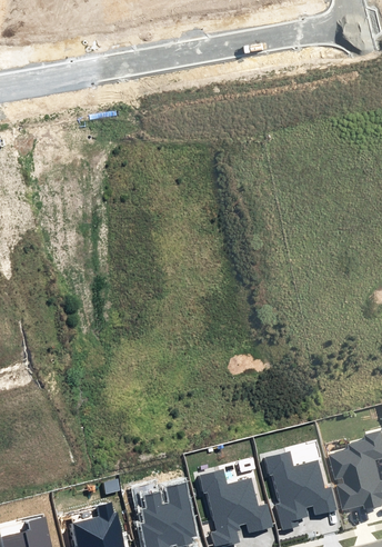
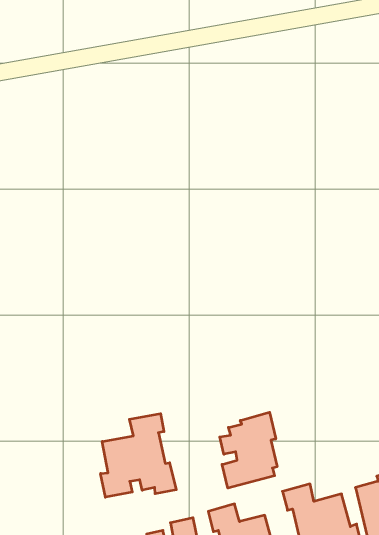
building: none -> [220,412,277,488]
building: none -> [101,414,176,497]

